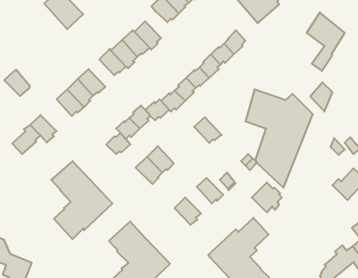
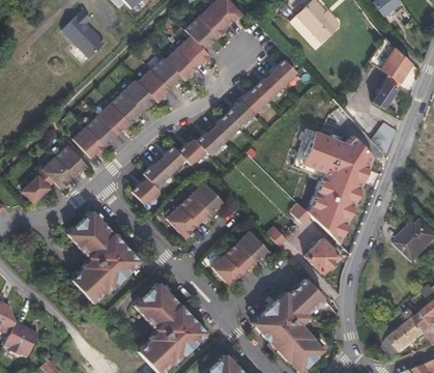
building: none -> [178,36,210,67]
building: none -> [112,92,142,124]
building: [4,70,30,96] -> [56,145,86,176]
building: [194,117,222,143] -> [193,182,225,212]
building: none -> [225,241,257,272]

